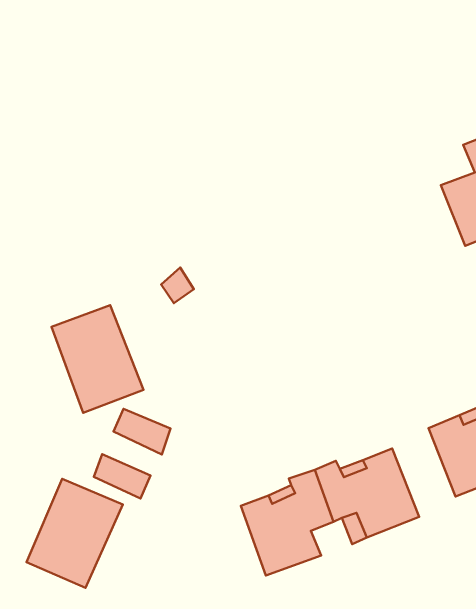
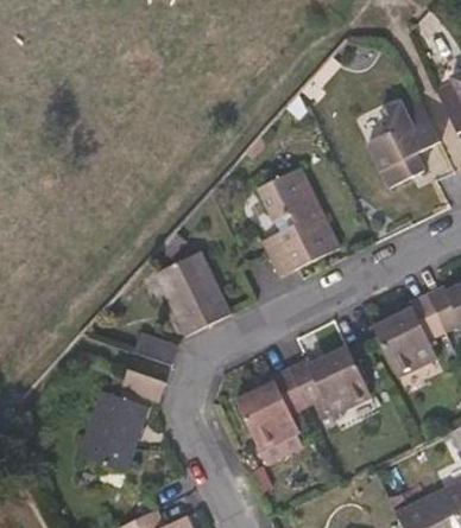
building: none -> [259,167,340,276]
building: [52,305,143,413] -> [157,253,230,336]

